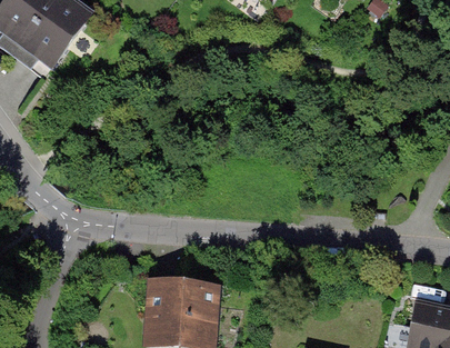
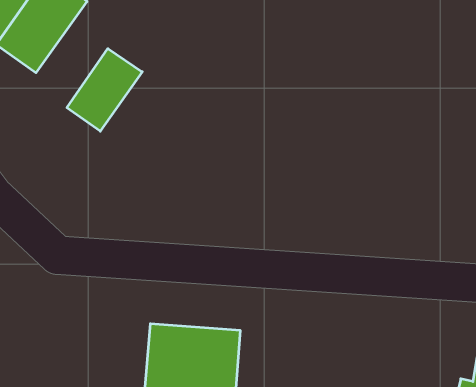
building: none -> [67,49,142,131]

